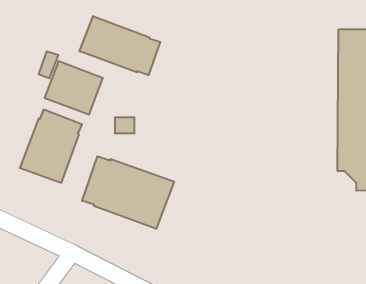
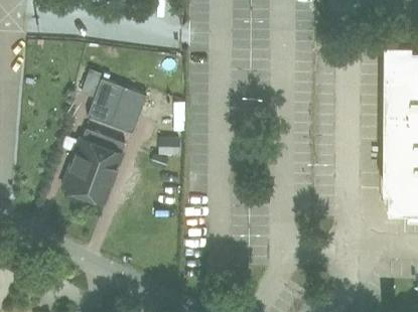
building: [79,16,160,75] -> none
building: [82,156,174,229] -> none

